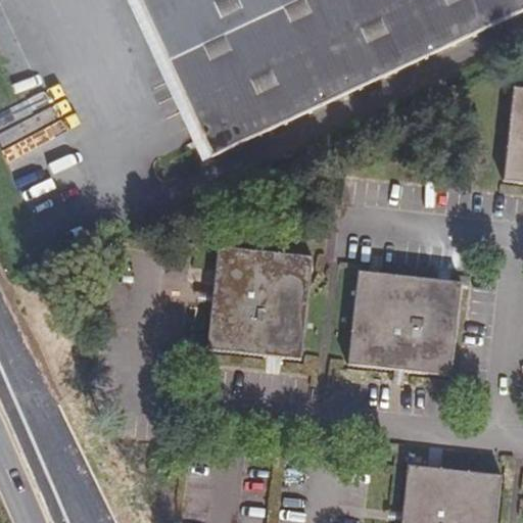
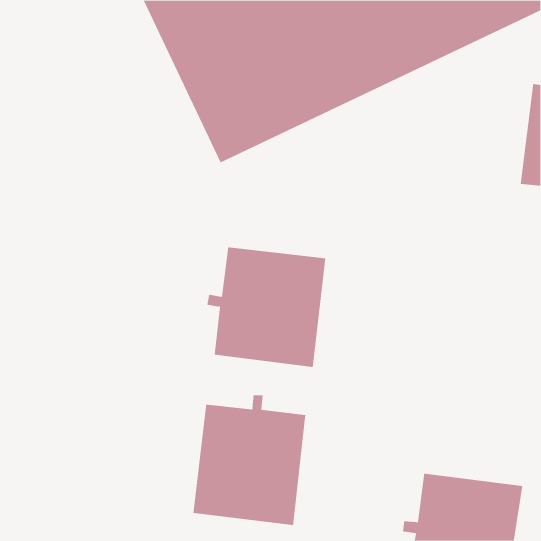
building: [348,264,464,379] -> none
building: none -> [193,394,306,526]

